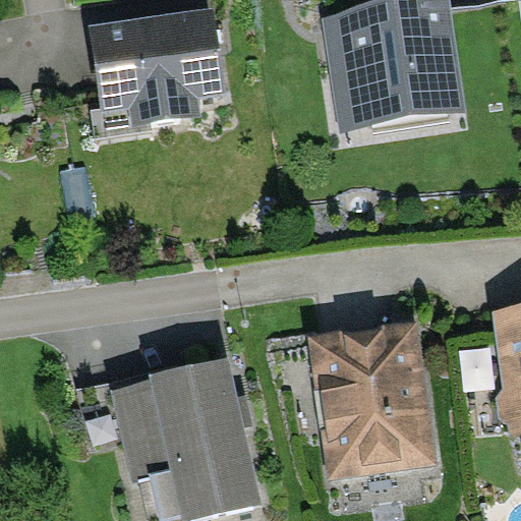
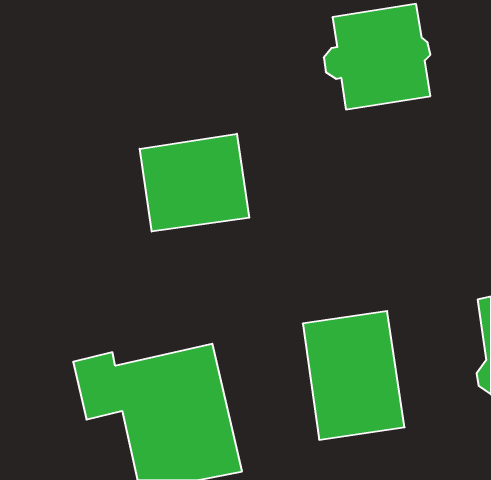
building: [96,17,224,118] -> none
building: none -> [140,134,249,232]

